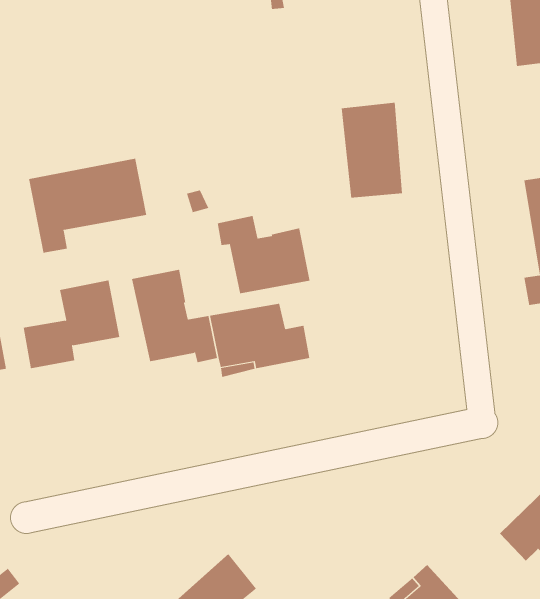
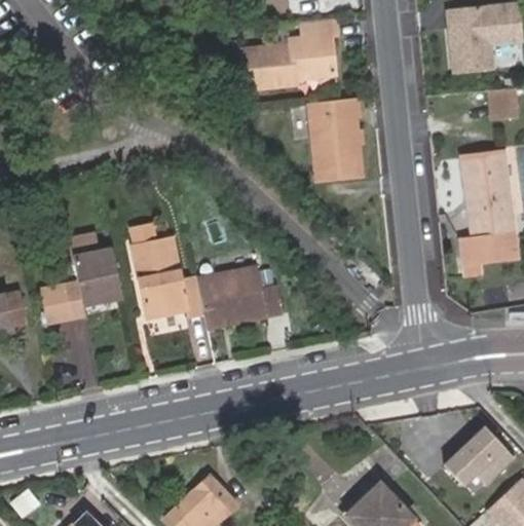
building: none -> [239,16,338,90]
building: [29,158,147,253] -> none
building: [217,215,310,294] -> none

